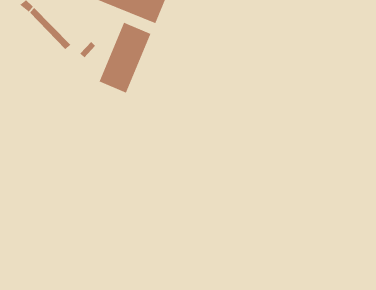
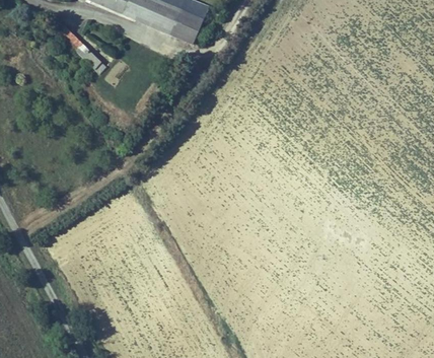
building: [99,22,151,94] -> none

